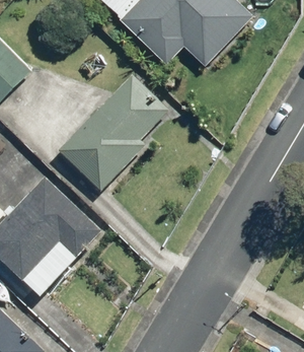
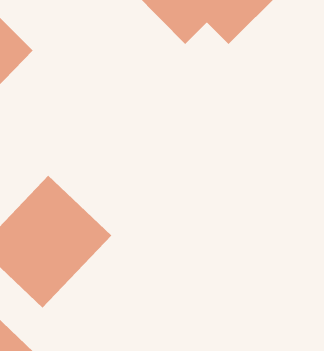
building: [59,74,168,191] -> none

